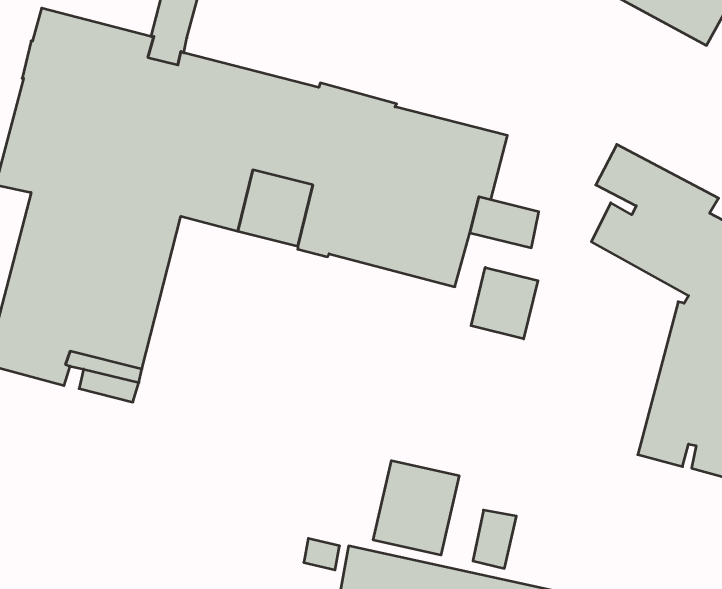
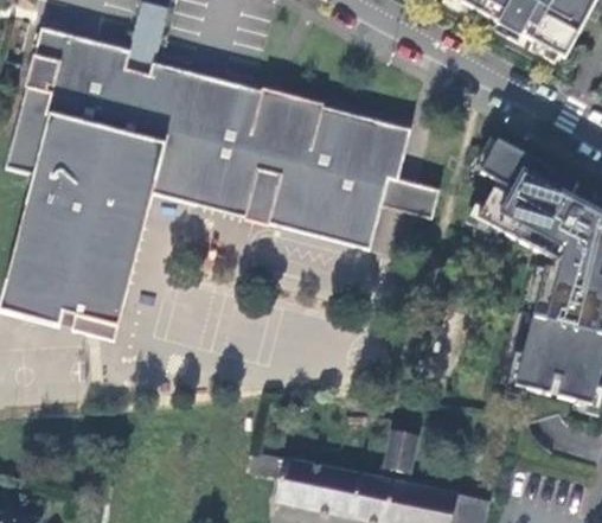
building: [471,267,538,339] -> none
building: [373,461,459,555] -> none

